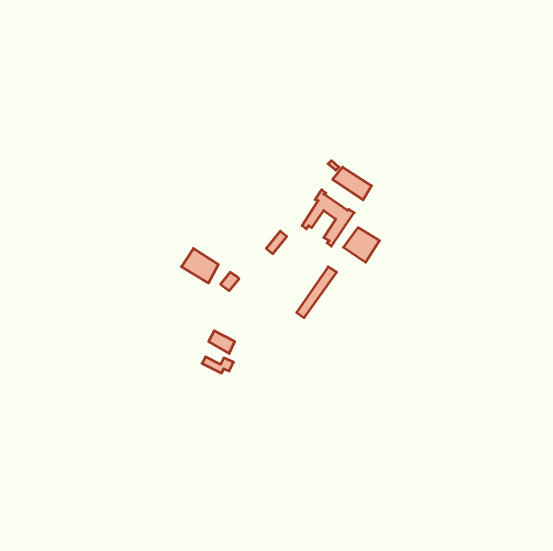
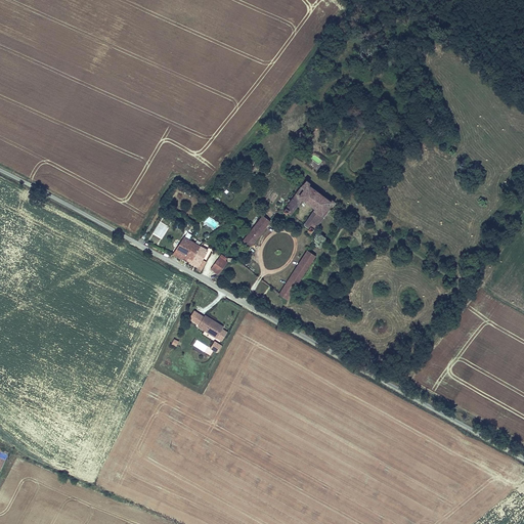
building: [333,167,372,200] -> none
building: [343,228,380,262] -> none

